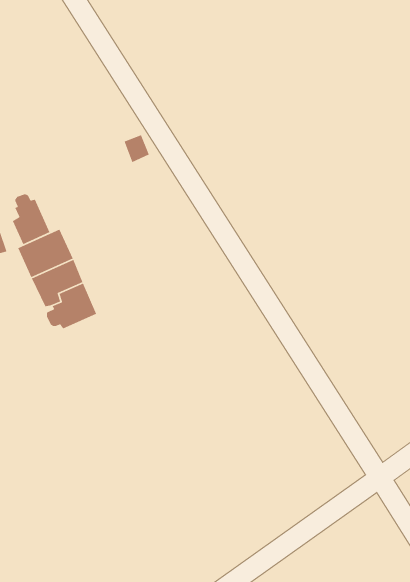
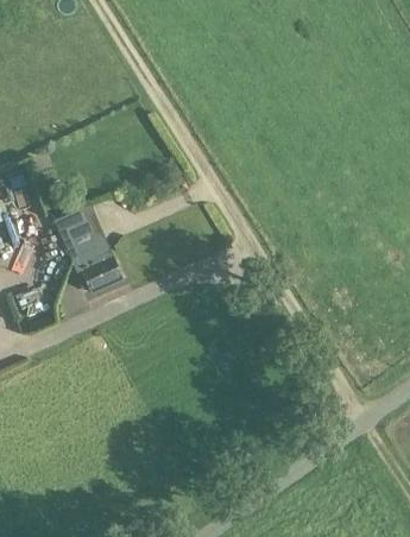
building: [12,193,51,245] -> none

